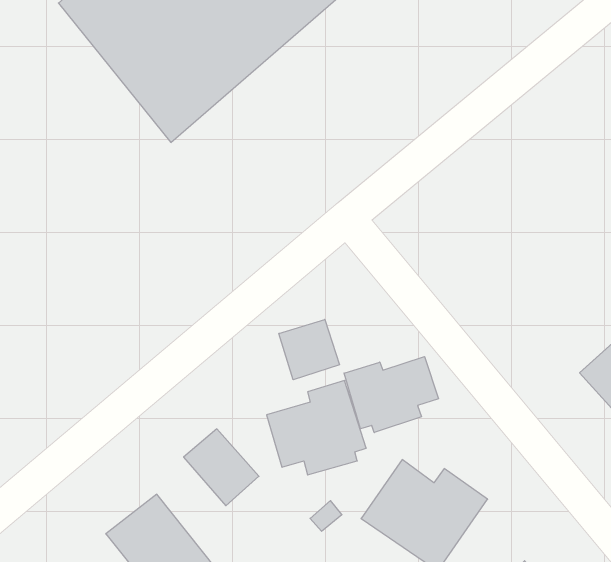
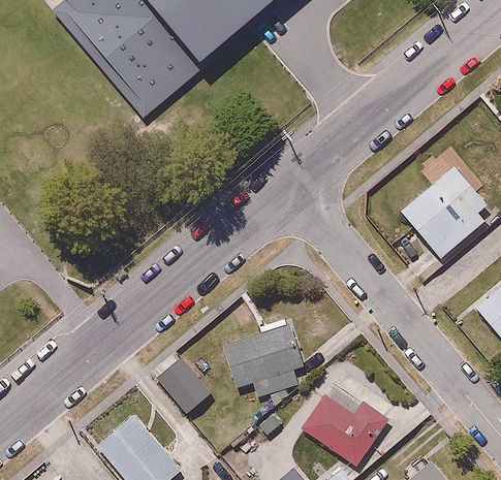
building: none -> [401,161,491,261]
building: [279,319,340,380] -> none
building: [344,357,438,433] -> none

